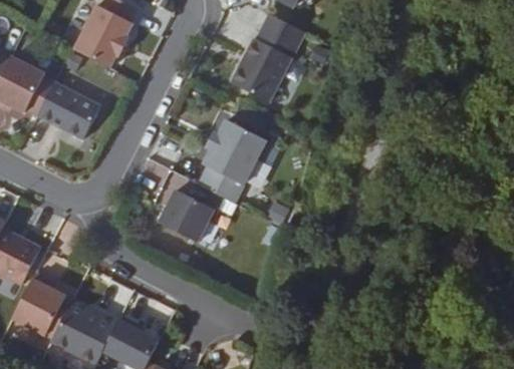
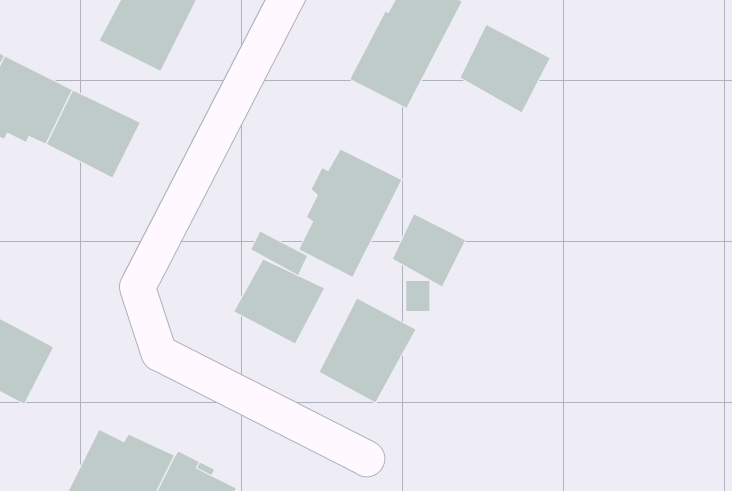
building: none -> [460,24,551,113]
building: none -> [392,214,466,287]
building: none -> [319,298,416,403]
building: [12,274,65,335] -> none

